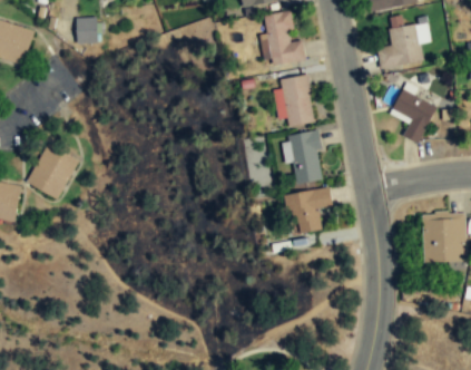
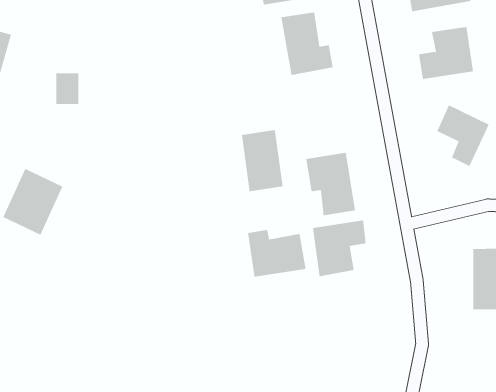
building: [77,16,97,42] -> [55,73,79,105]
building: [278,75,314,127] -> [241,130,283,192]
building: none -> [248,229,306,277]

